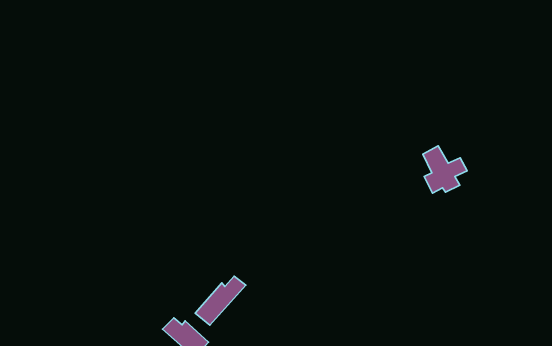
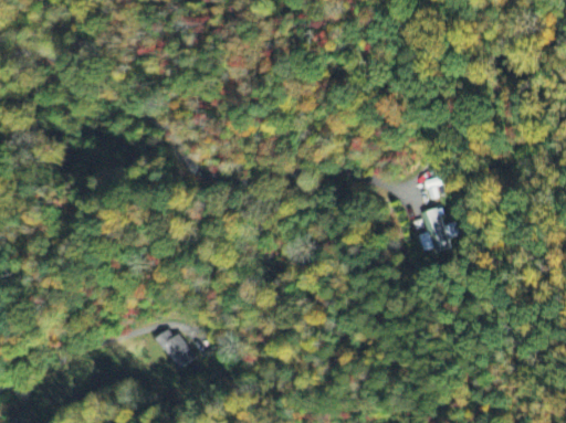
building: [195,276,246,325] -> none

